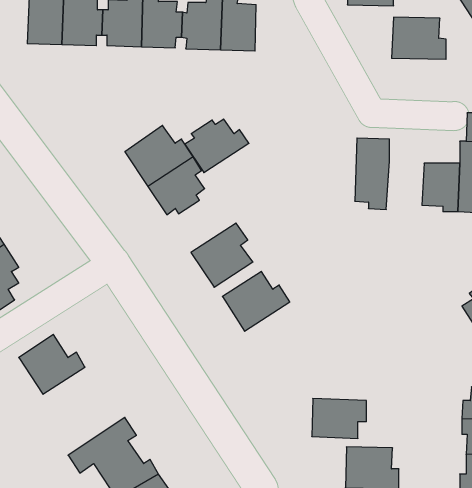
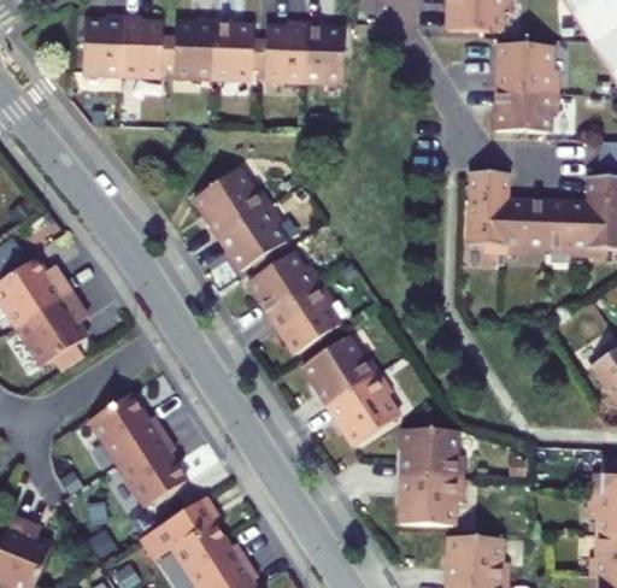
building: none -> [500,89,564,130]
building: [185,119,249,173] -> [249,251,323,312]
building: none -> [495,207,539,264]
building: none -> [333,369,404,443]
building: none -> [411,433,474,482]
building: none -> [101,443,170,519]

